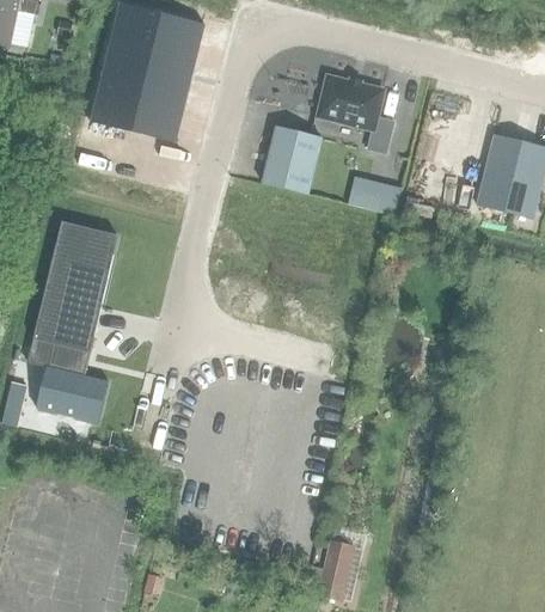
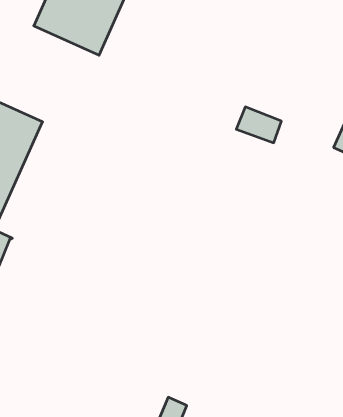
building: [317,76,393,153] -> none
building: [262,127,322,194] -> none

